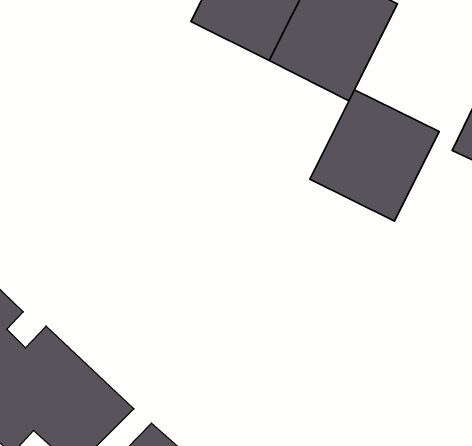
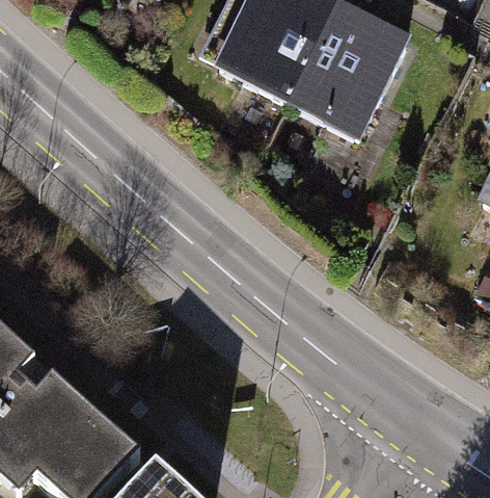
building: [310,90,439,221] -> none

